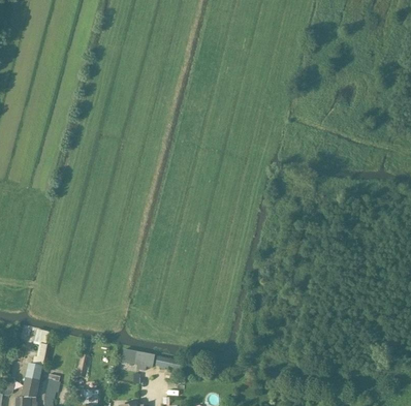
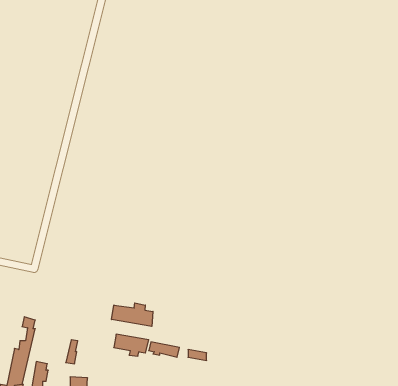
building: none -> [112,303,153,326]

